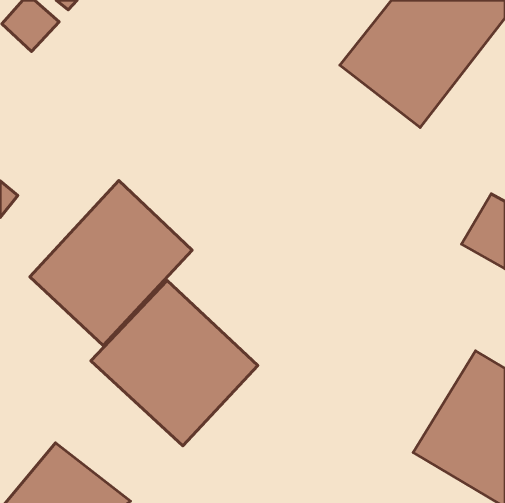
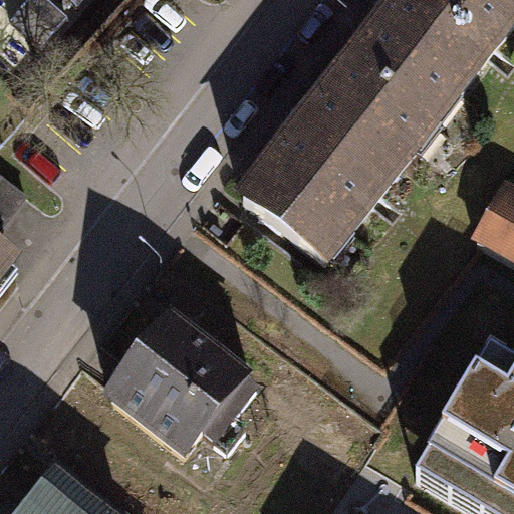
building: none -> [235,68,427,273]
building: [30,180,192,345] -> none

